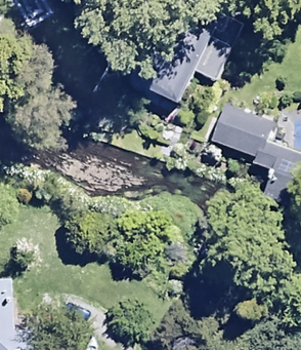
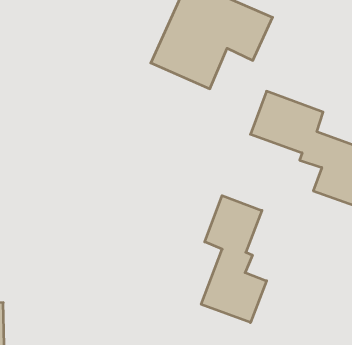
building: none -> [201,196,267,323]

